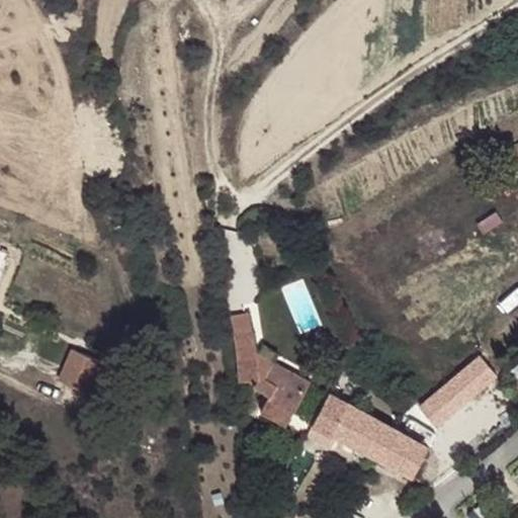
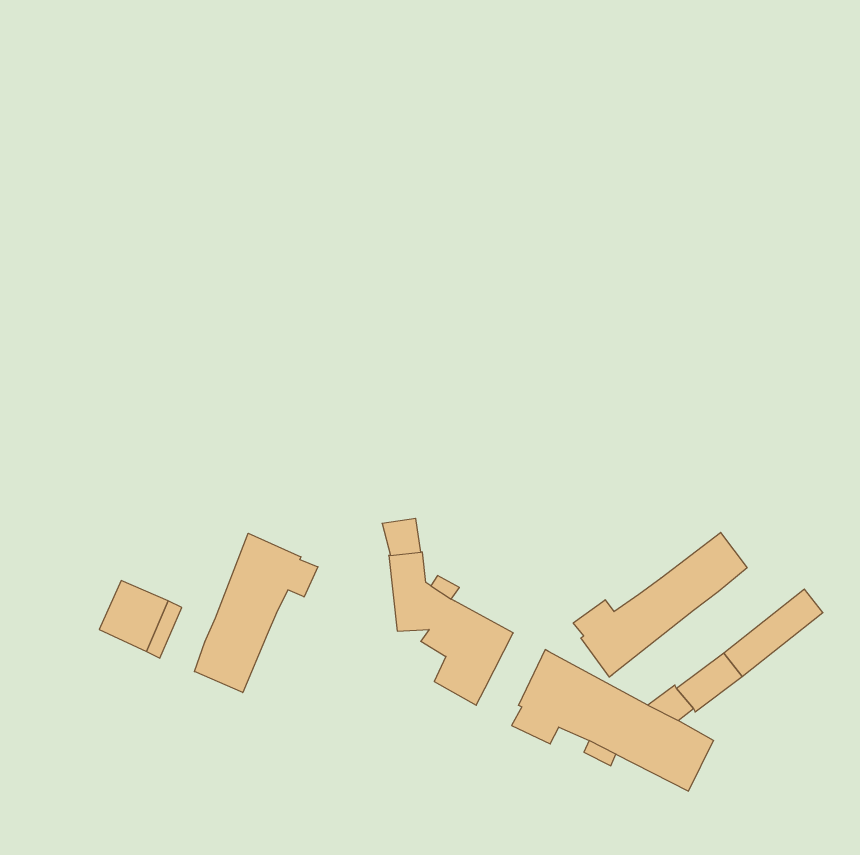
building: none -> [573,532,747,677]
building: none -> [194,533,318,693]

